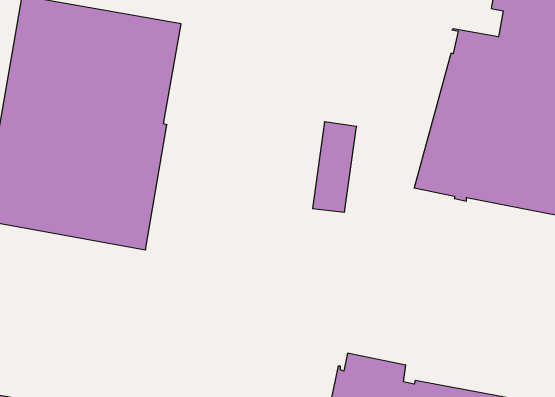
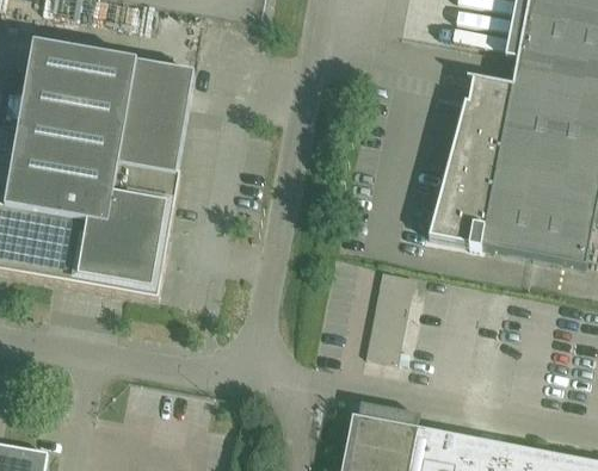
building: [313,122,357,212] -> [370,266,414,357]

